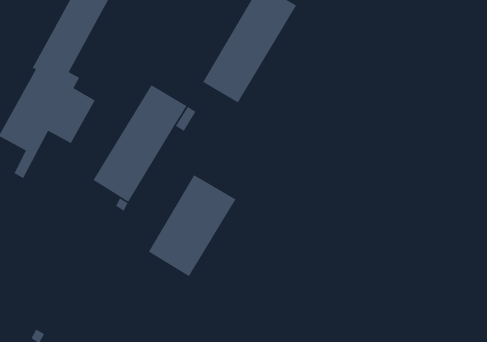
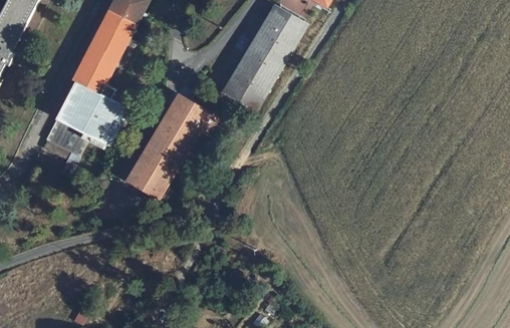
building: [148,174,237,277] -> none

